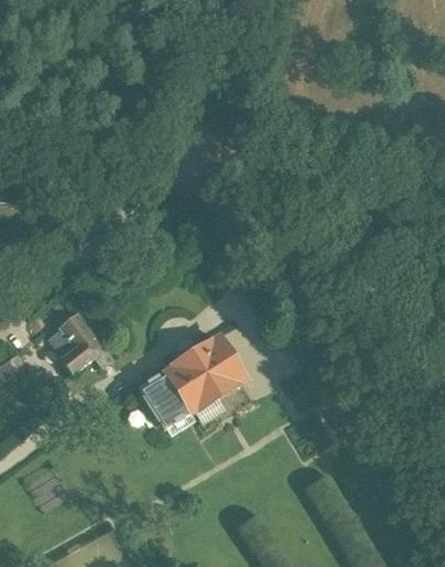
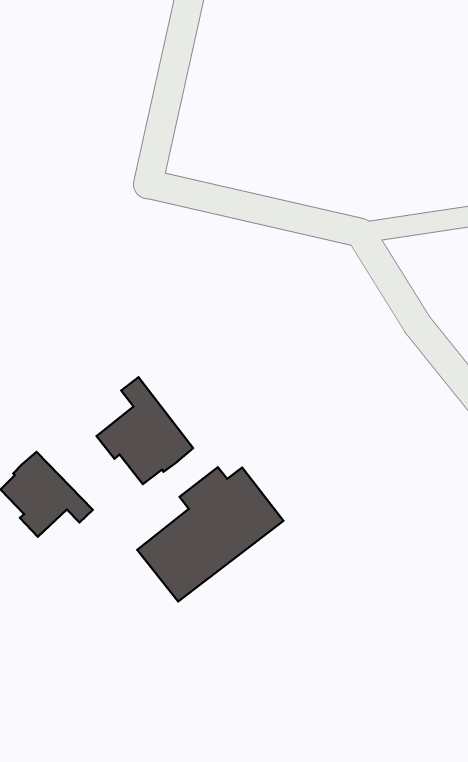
building: none -> [97,377,193,484]

